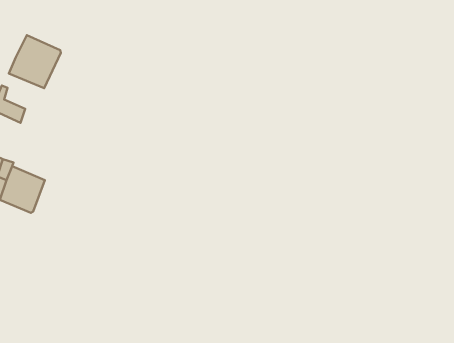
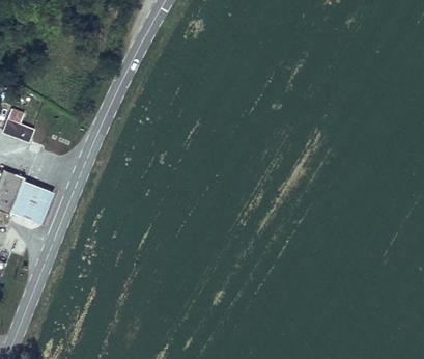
building: [9,35,61,88] -> none

